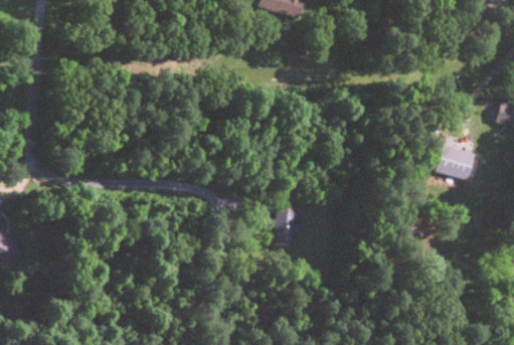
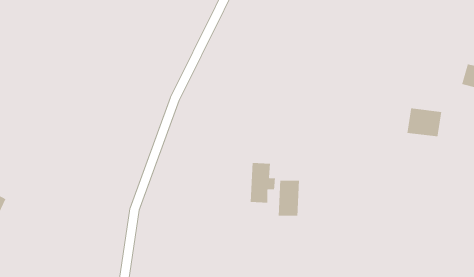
building: none -> [278,180,300,216]

